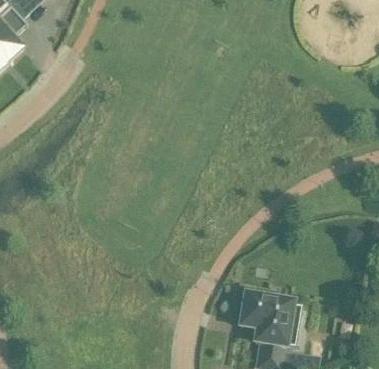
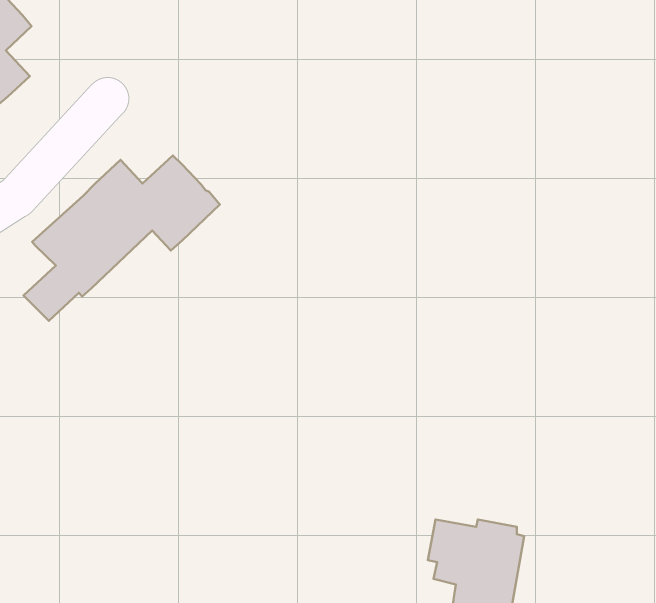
building: none -> [23,155,220,321]

